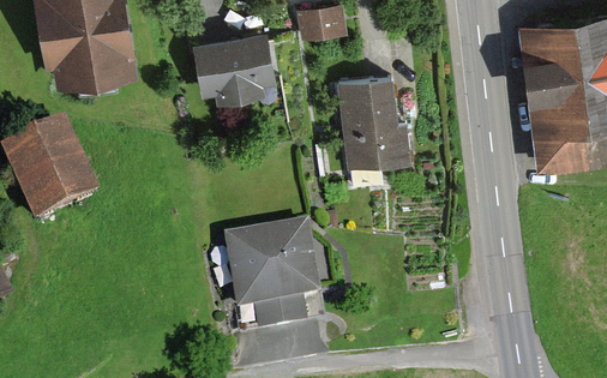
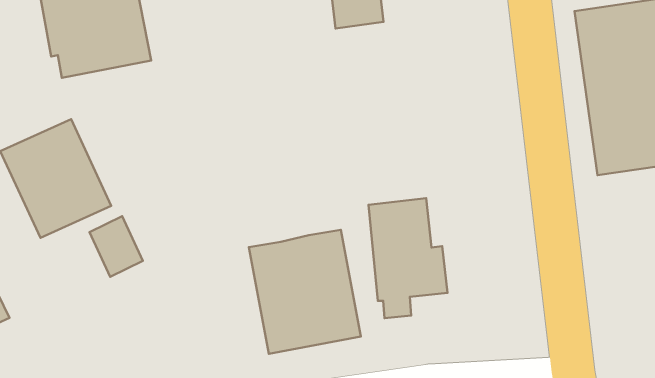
building: [192,29,275,102] -> none
building: [341,76,411,184] -> [369,198,447,318]
building: none -> [90,216,143,277]

